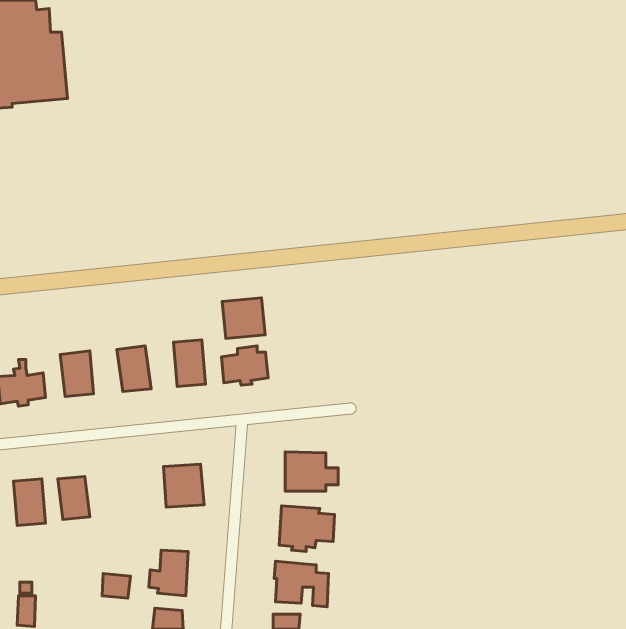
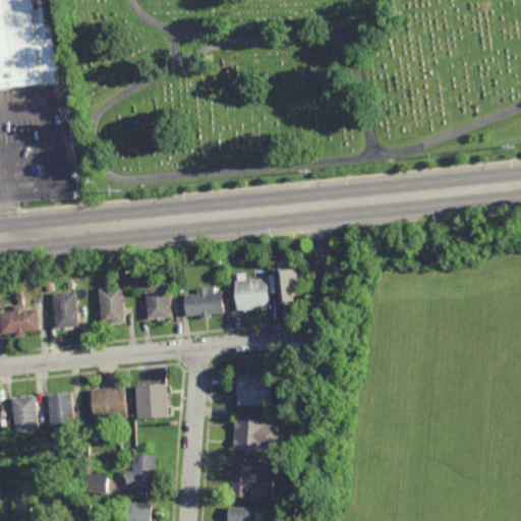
building: [222,298,265,339] -> [233,277,269,310]
building: none -> [273,269,297,305]
building: none -> [92,388,127,429]

